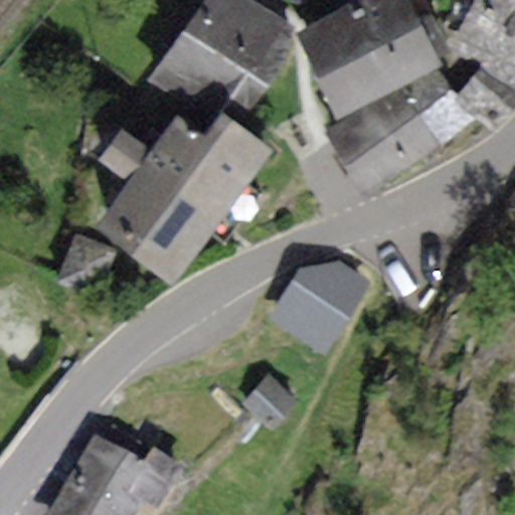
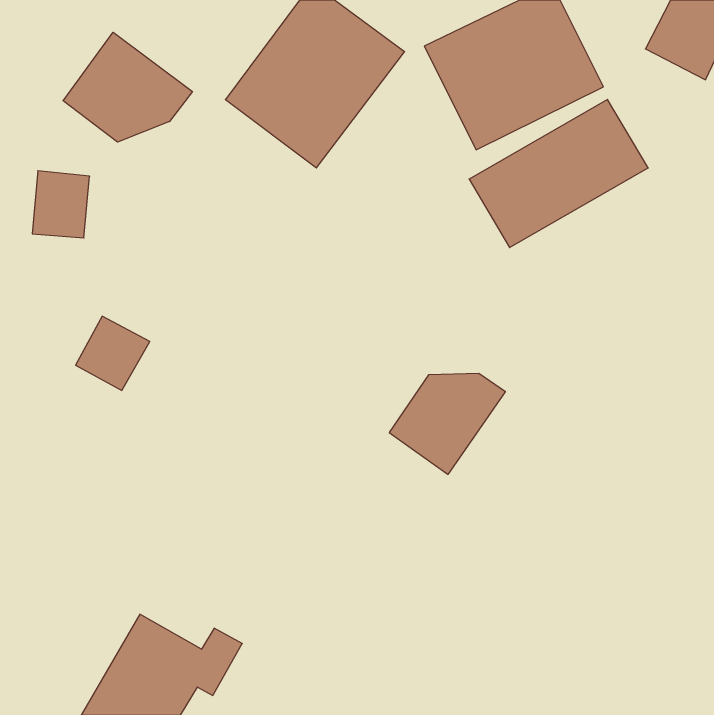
building: none -> [63,32,192,142]
building: [106,124,259,270] -> none

